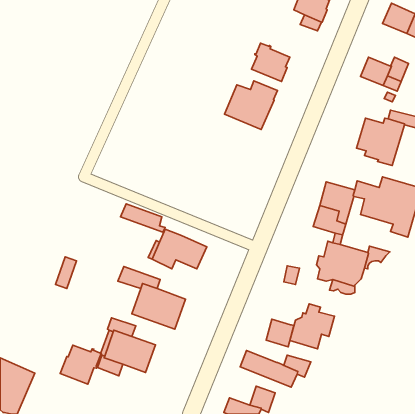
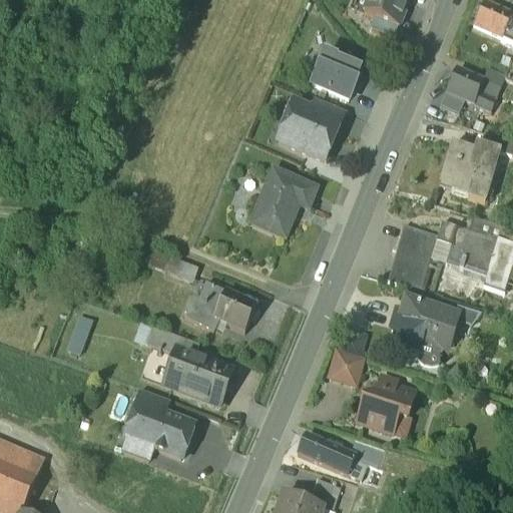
building: none -> [250,169,315,236]
building: [266,319,294,347] -> [329,348,363,382]
building: [60,345,101,384] -> none

